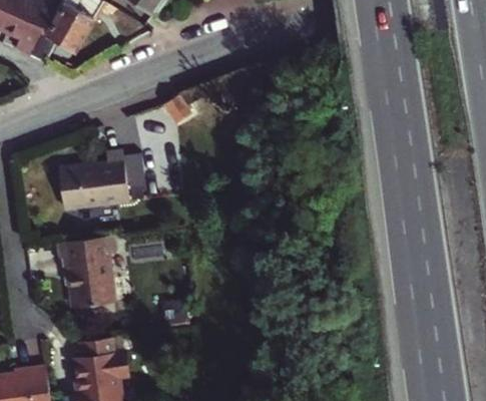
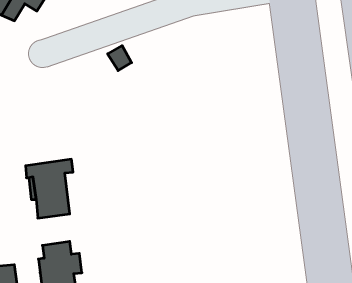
building: [59,150,129,210] -> none

